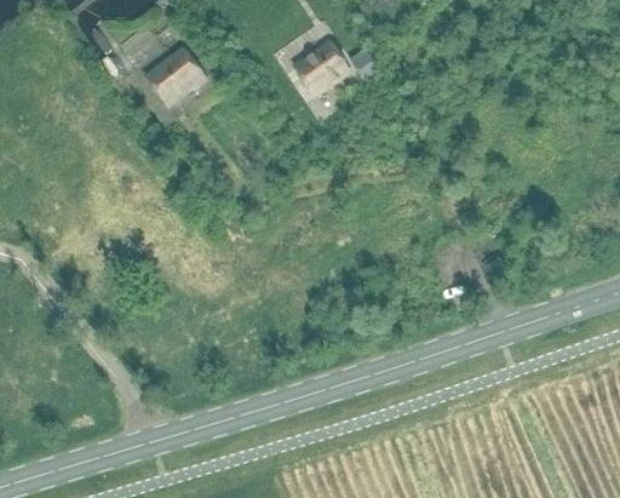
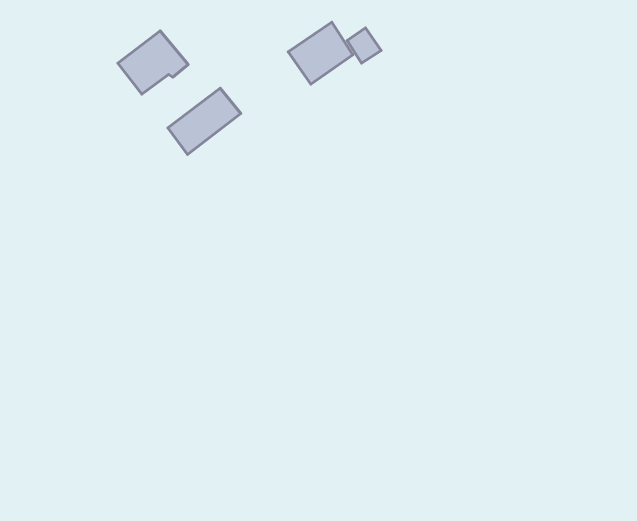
building: none -> [168,88,241,155]

